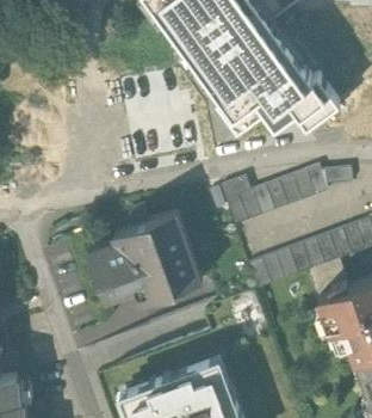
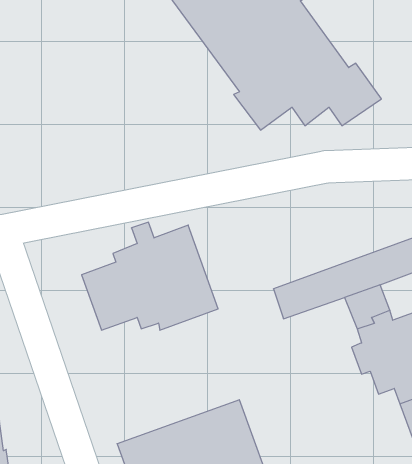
building: [218,164,351,223] -> none

